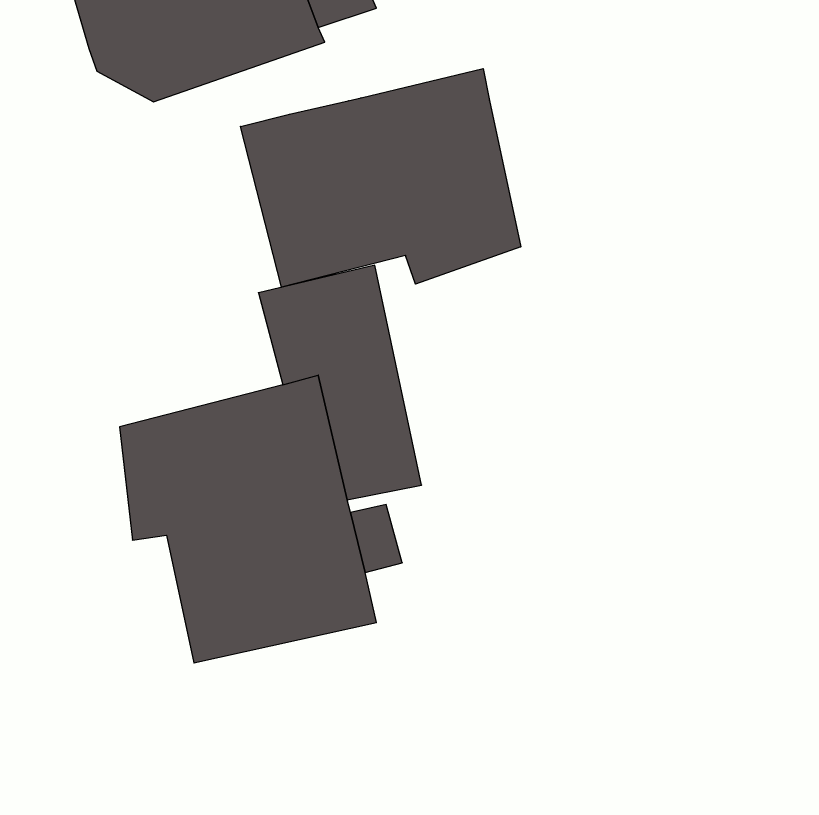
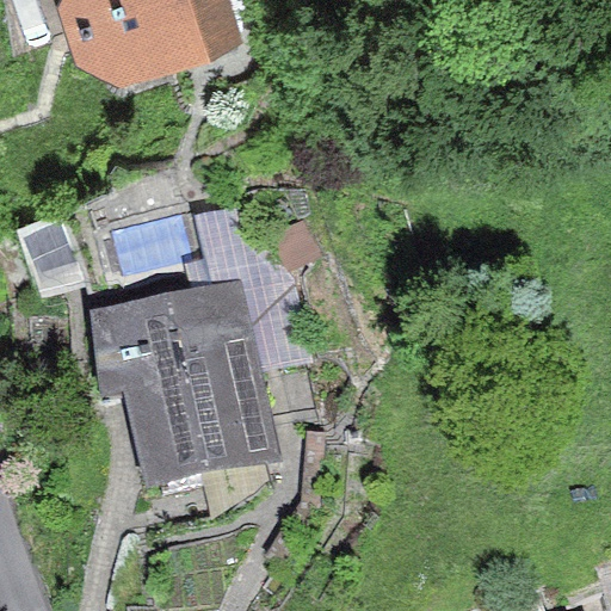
building: [240,69,521,287] -> none

